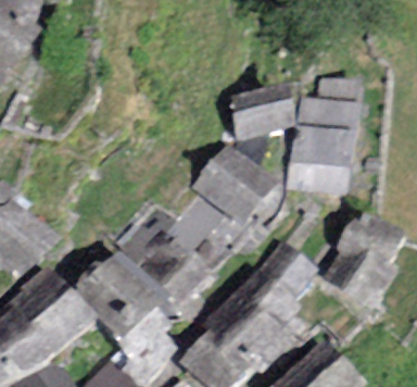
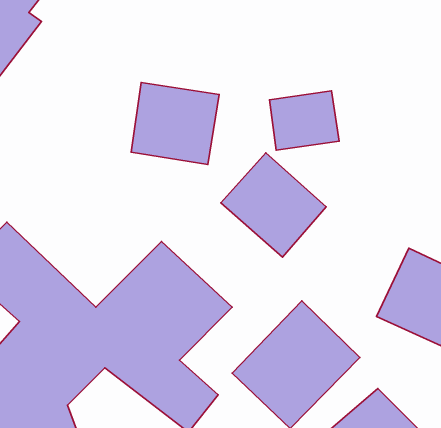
building: none -> [131,83,219,165]
building: [286,96,362,196] -> none

